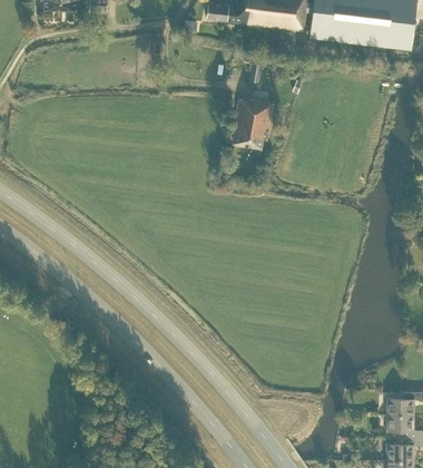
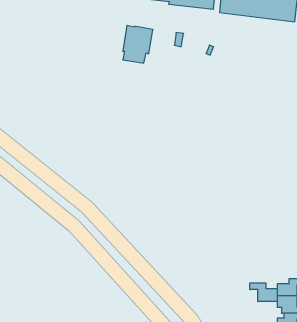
building: [233,96,273,146] -> [123,25,153,63]
building: none -> [250,283,277,302]

